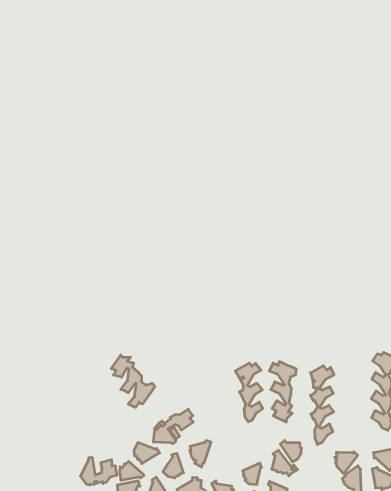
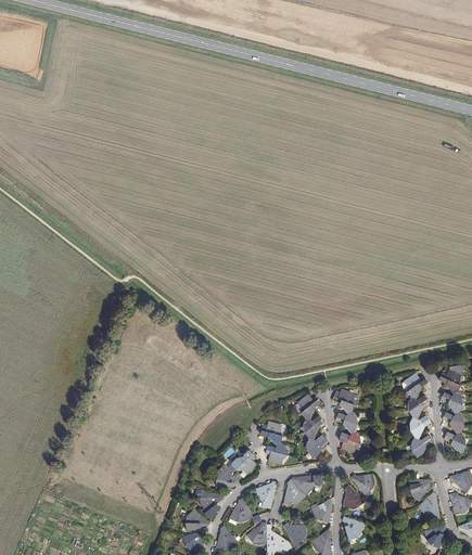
building: [111,355,155,407] -> none
building: [310,366,334,445] -> [404,374,433,457]
building: none -> [259,422,285,463]
building: none -> [283,474,315,505]
building: [80,457,117,485] -> none

